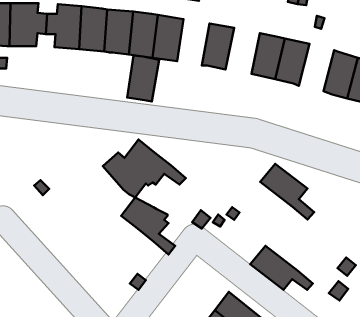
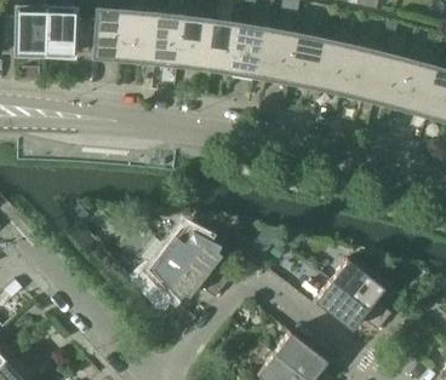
building: none -> [286,33,325,85]
building: none -> [368,51,408,104]
building: [127,55,159,102] -> [231,23,268,75]
building: [103,139,186,197] -> [128,244,222,310]
building: [260,164,314,220] -> [331,258,391,321]

